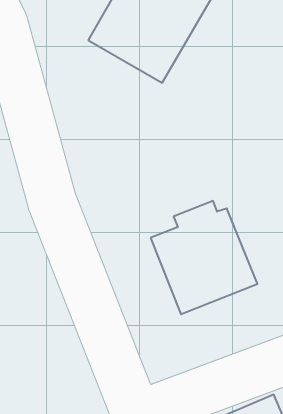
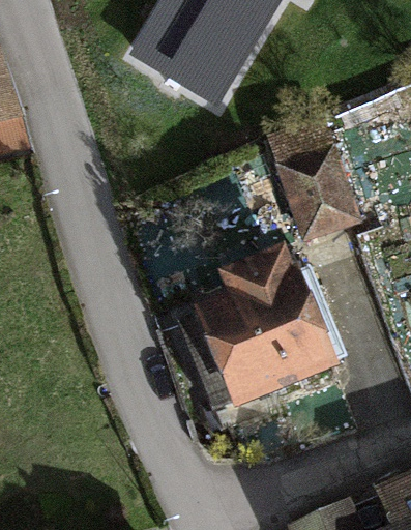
building: none -> [273,128,356,234]

